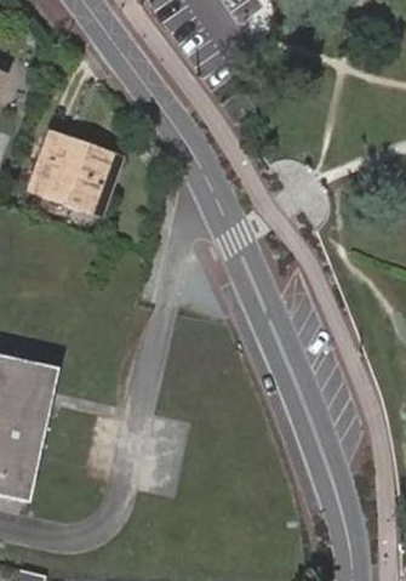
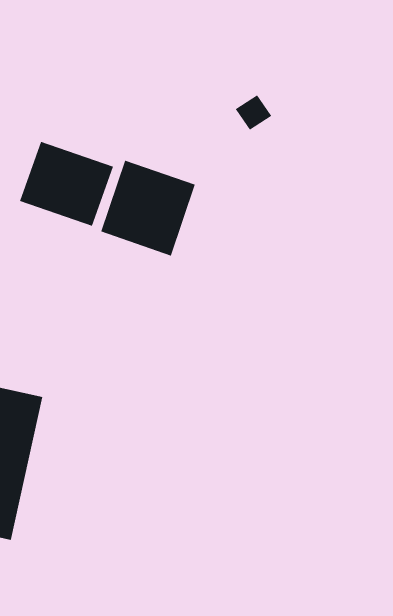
building: none -> [100,160,196,256]

